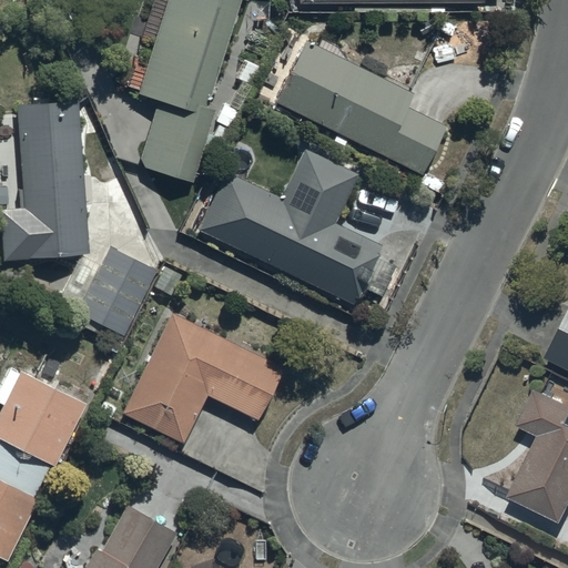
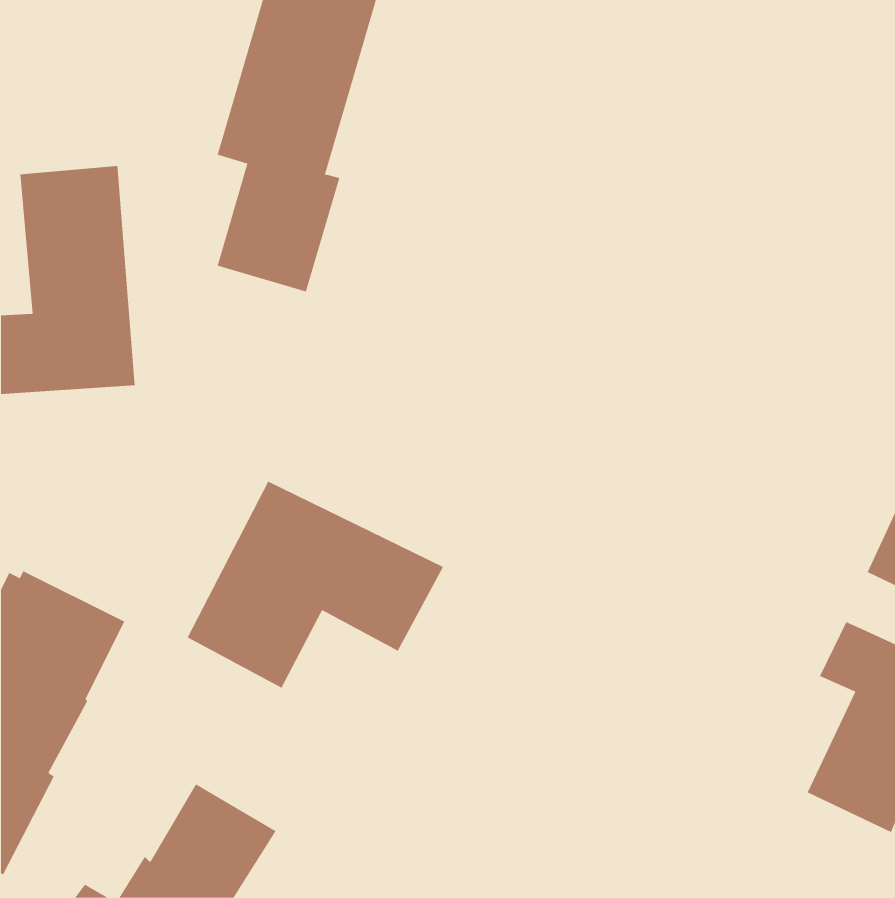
building: [276,47,447,178] -> none
building: [199,153,385,307] -> none
building: [61,239,155,333] -> none

